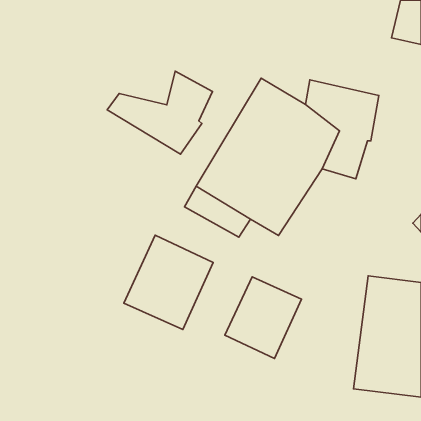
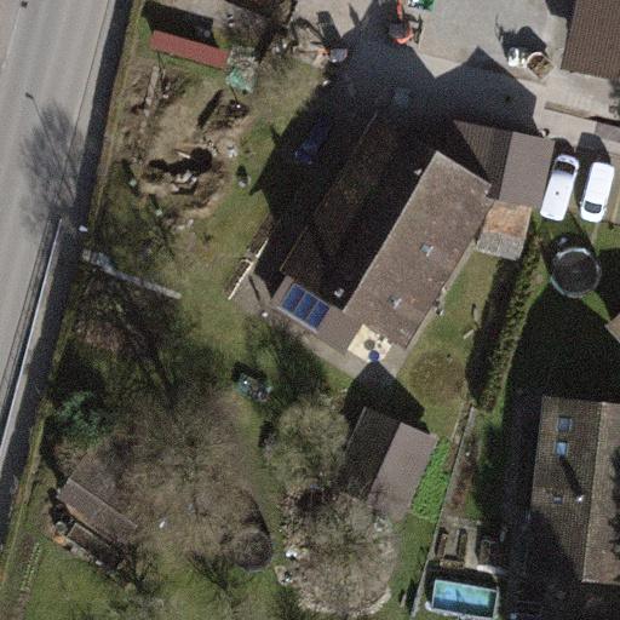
building: [107,71,212,154] -> none
building: [124,235,213,330] -> none

